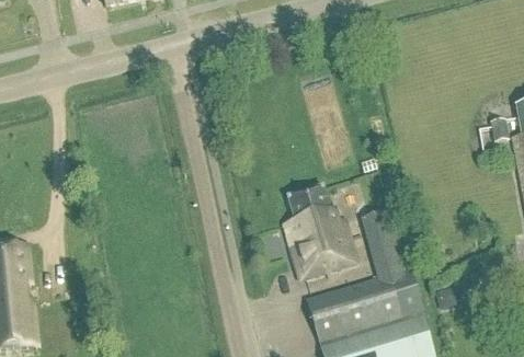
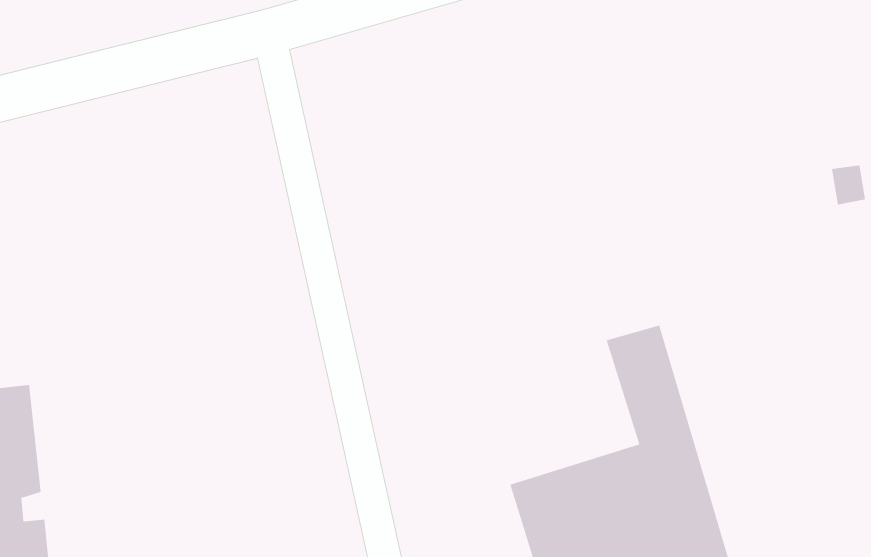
building: [281,185,356,279] -> none

